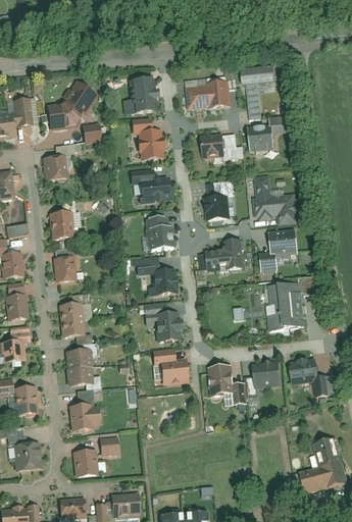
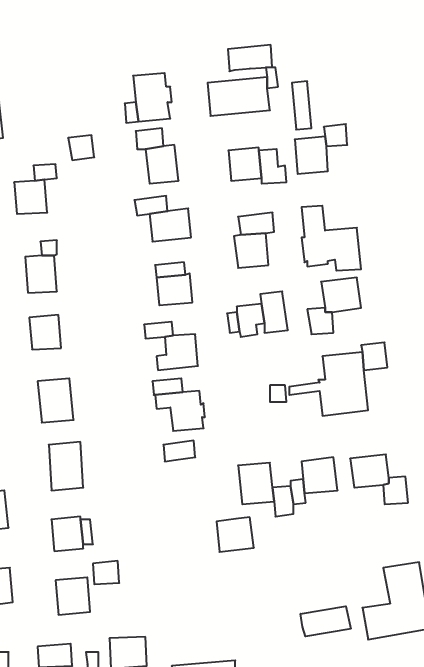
building: [242,66,274,86] -> [228,45,272,71]
building: [47,80,96,129] -> none
building: [161,360,189,385] -> [217,517,254,552]
building: none -> [301,606,351,636]

